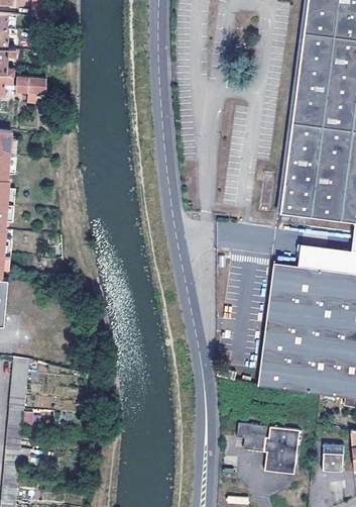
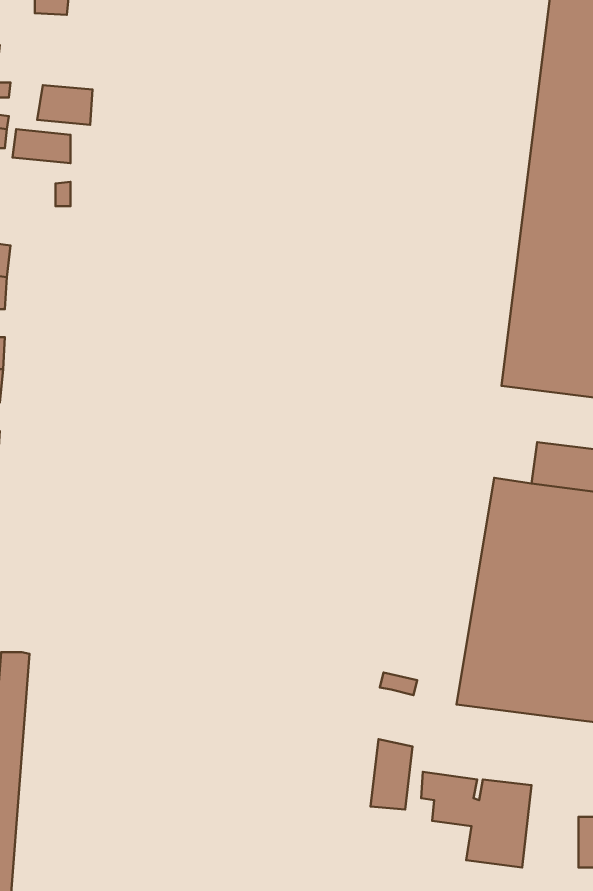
building: none -> [37,85,93,125]
building: none -> [371,739,412,809]

